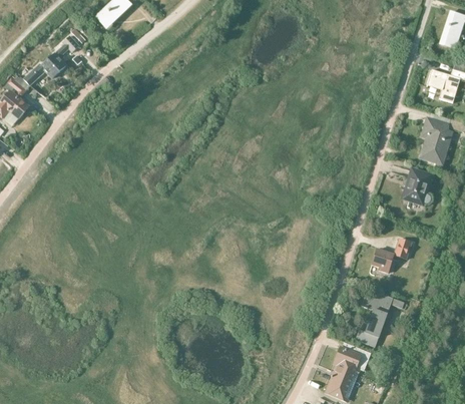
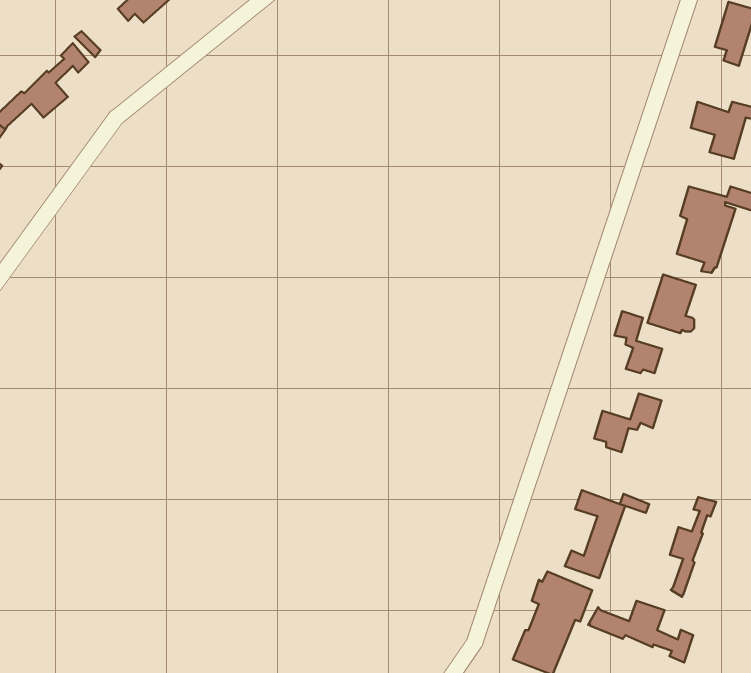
building: none -> [614,311,662,373]
building: none -> [670,497,716,597]
building: none -> [588,601,693,663]

